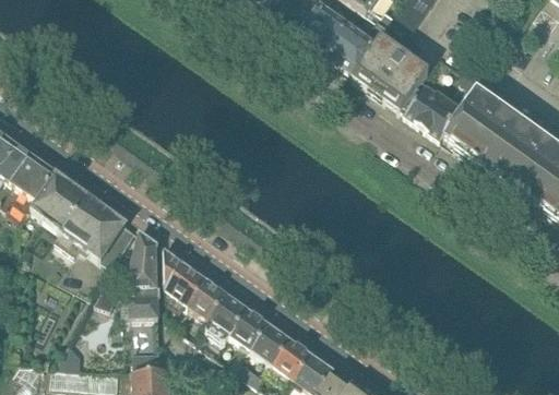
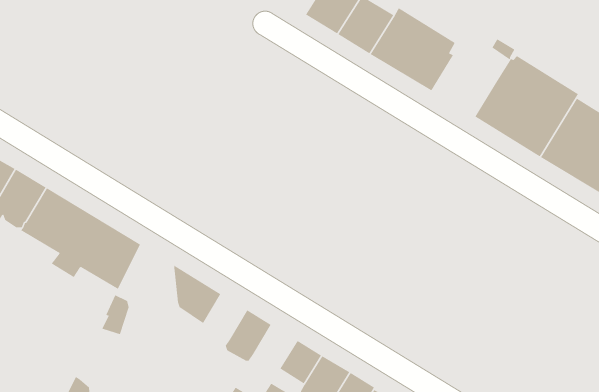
building: [404,82,462,137] -> none
building: [129,232,158,318] -> none
building: [187,278,226,319] -> none
building: [229,309,269,348] -> none

